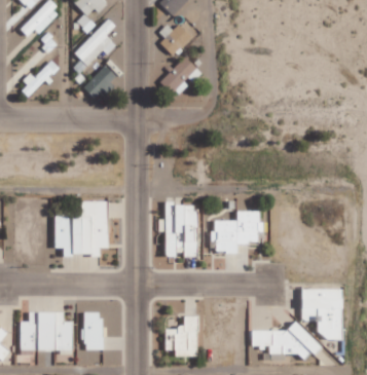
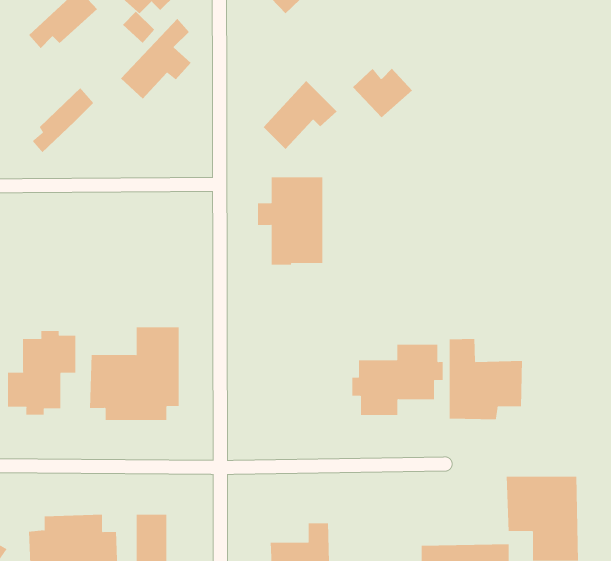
building: [155,24,191,53] -> [352,68,413,118]
building: [82,64,116,100] -> none
building: none -> [8,330,76,415]
building: [157,203,196,256] -> [257,177,323,265]
building: none -> [449,338,522,420]

